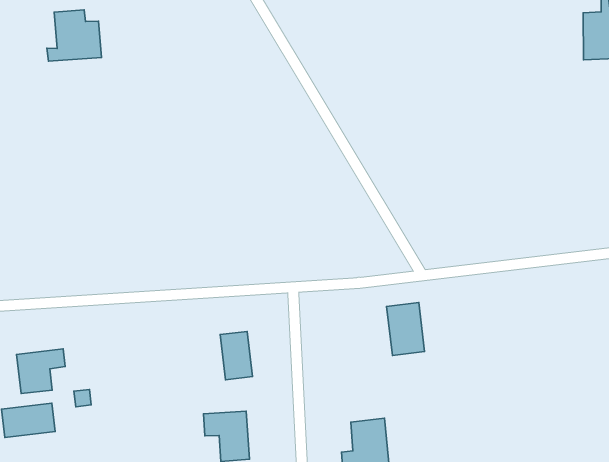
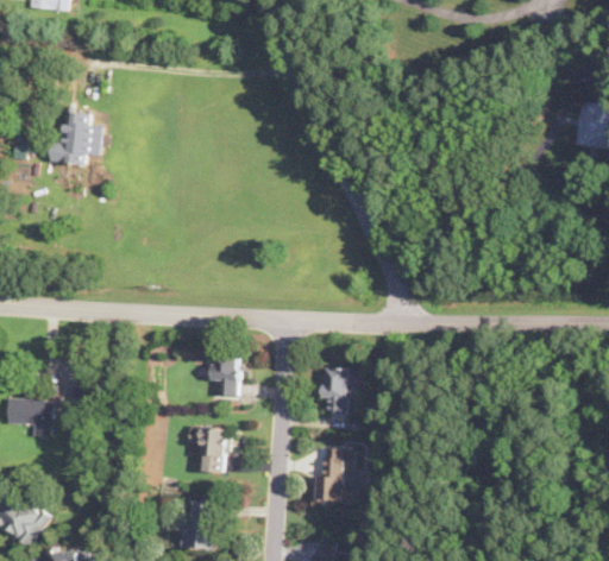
building: [47,10,102,61] -> [54,112,103,158]
building: [387,303,425,355] -> [325,368,354,414]
building: [17,349,65,394] -> none

